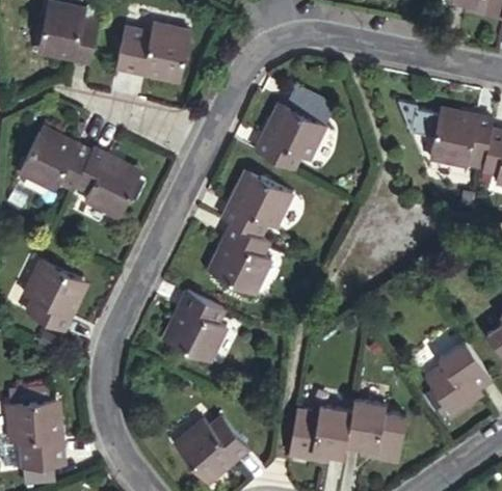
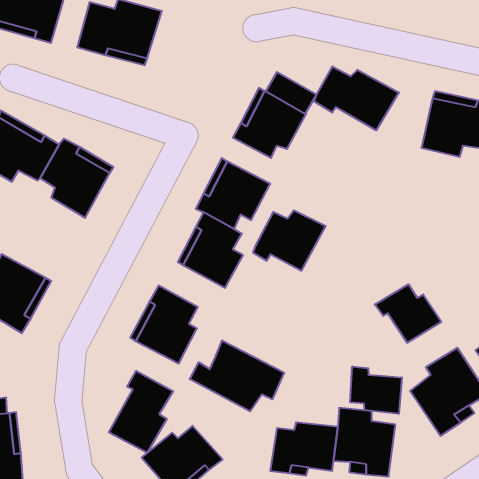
building: none -> [314,66,399,130]
building: none -> [253,210,326,271]
building: none -> [375,284,441,343]
building: none -> [190,340,284,411]
building: none -> [350,366,402,414]
building: none -> [109,371,173,453]

